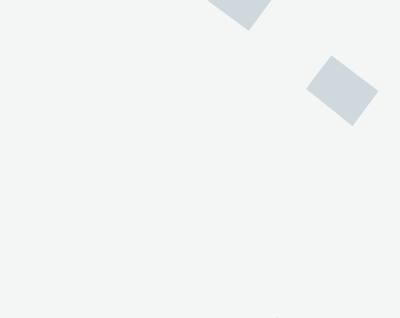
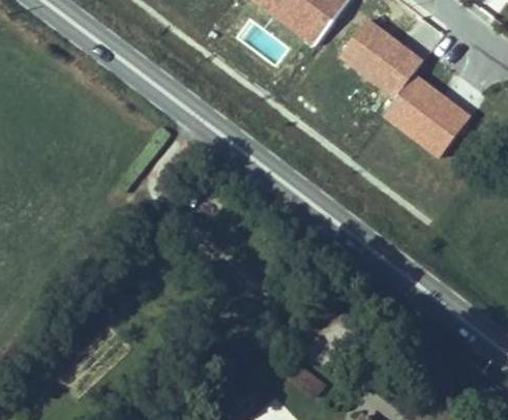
building: none -> [339,20,426,103]

